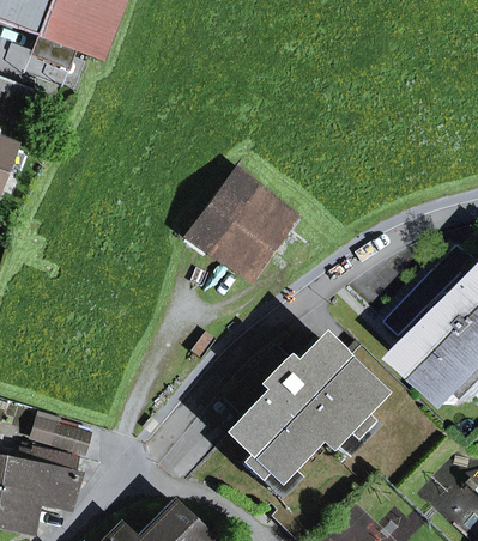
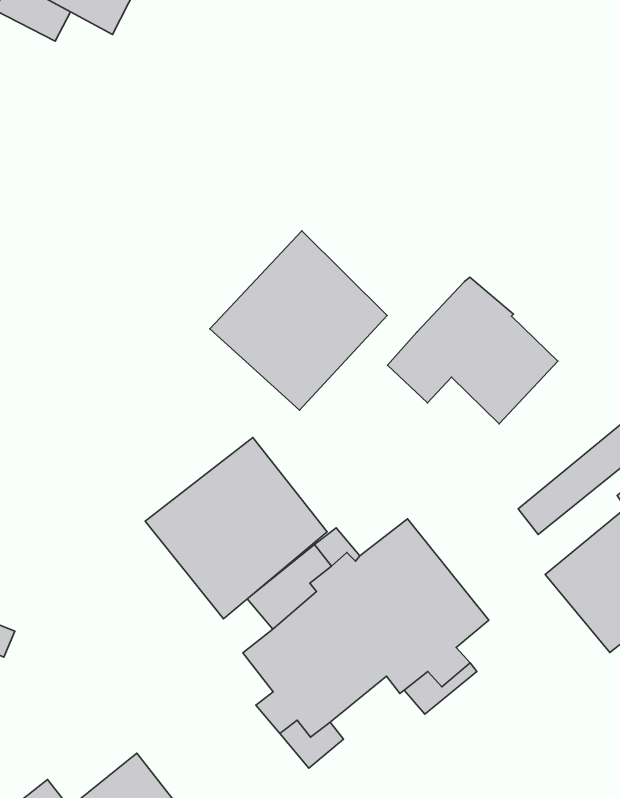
building: none -> [387,277,558,424]
building: none -> [145,438,327,619]

